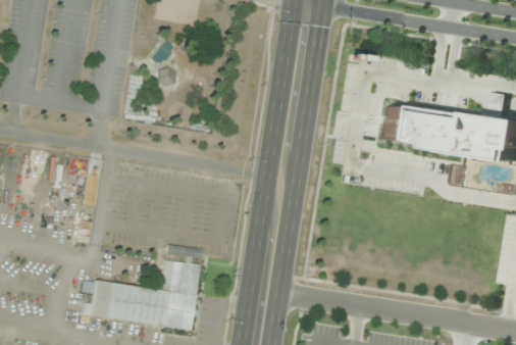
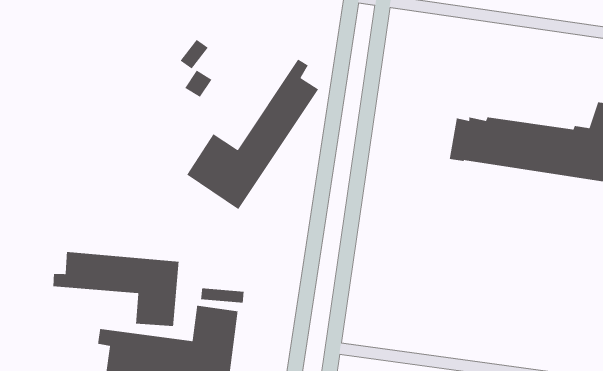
building: none -> [186,58,319,210]
building: none -> [52,251,180,327]

